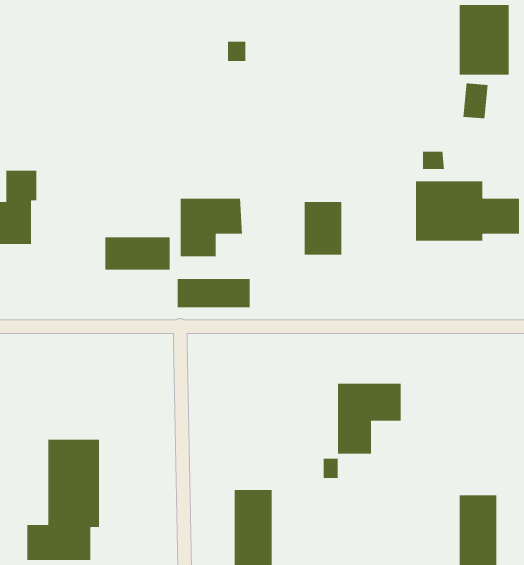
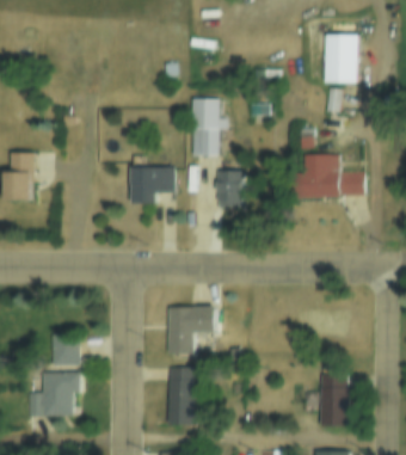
building: none -> [192,99,228,158]
building: [104,237,171,270] -> none
building: [177,278,250,308] -> none
building: [337,383,402,455] -> [170,309,214,358]

